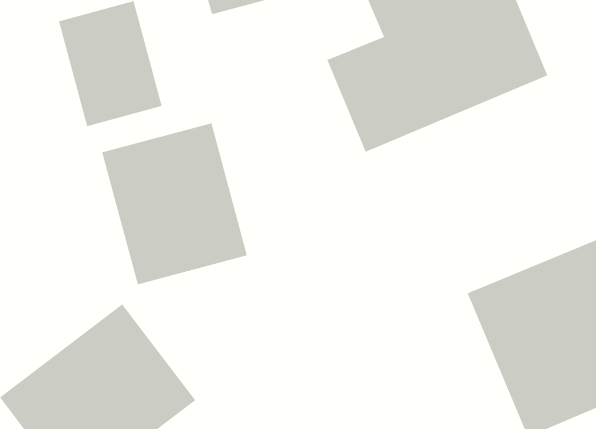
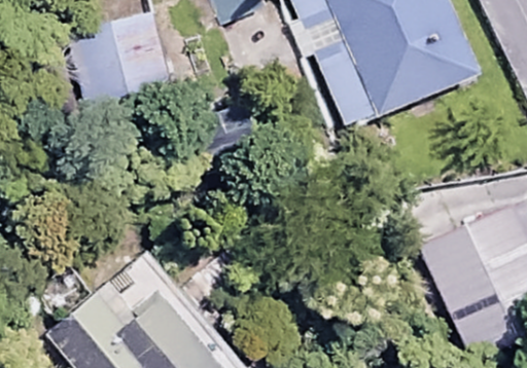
building: [102,122,248,285] -> none

